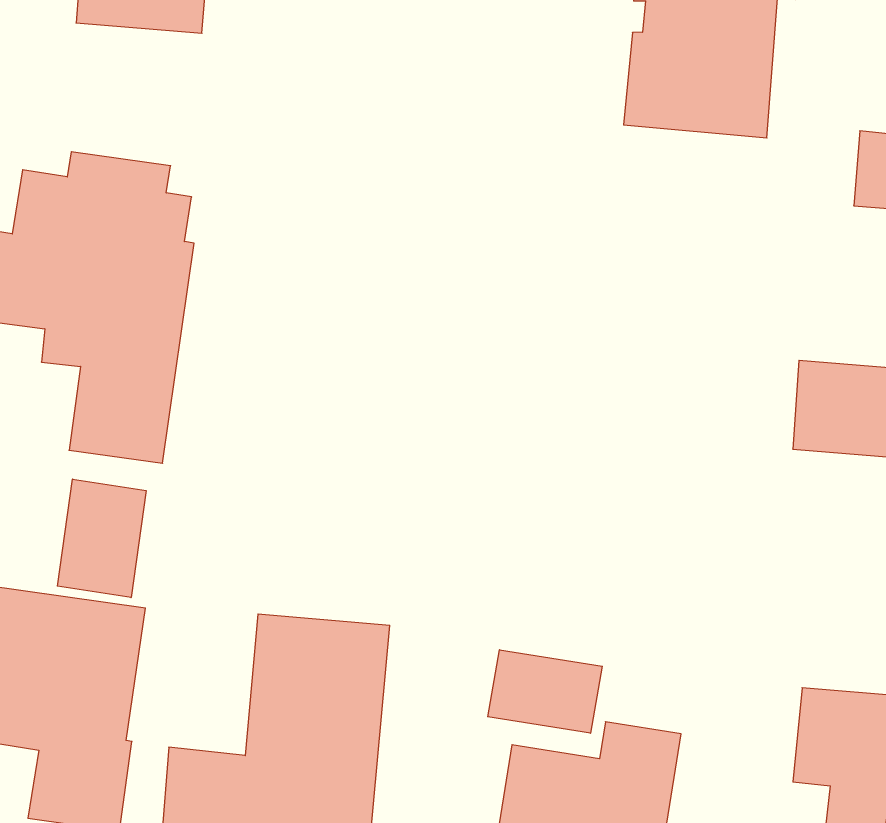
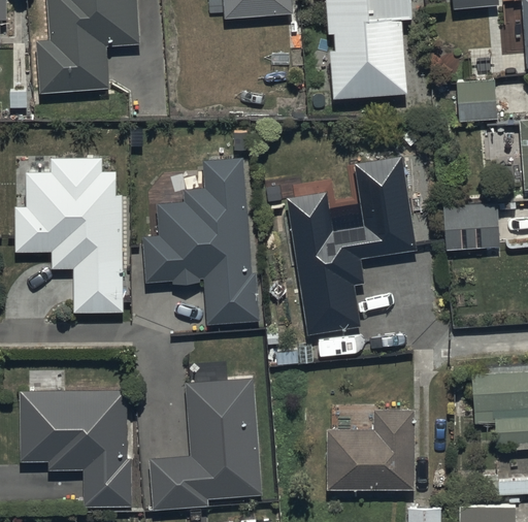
building: none -> [143,158,258,324]
building: none -> [286,158,417,336]
building: [57,479,146,598] -> none
building: [488,650,602,733] -> none

